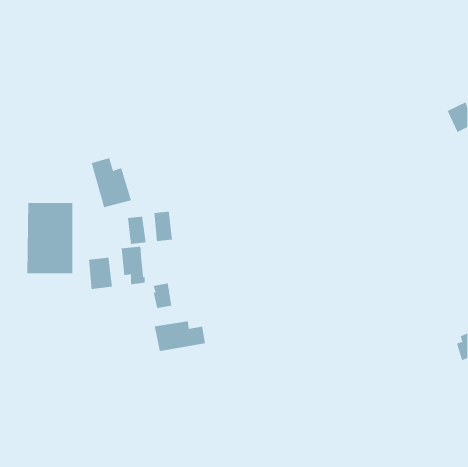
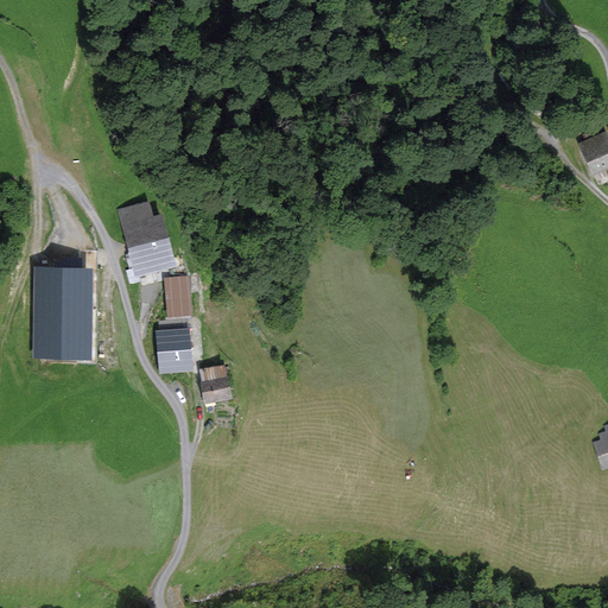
building: [154,211,173,242] -> none
building: [89,257,113,290] -> none
building: [154,320,206,352] -> none

